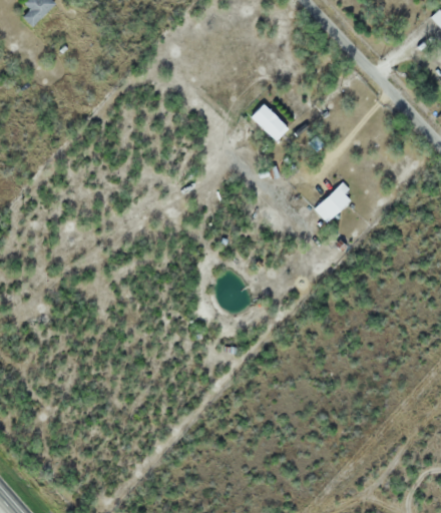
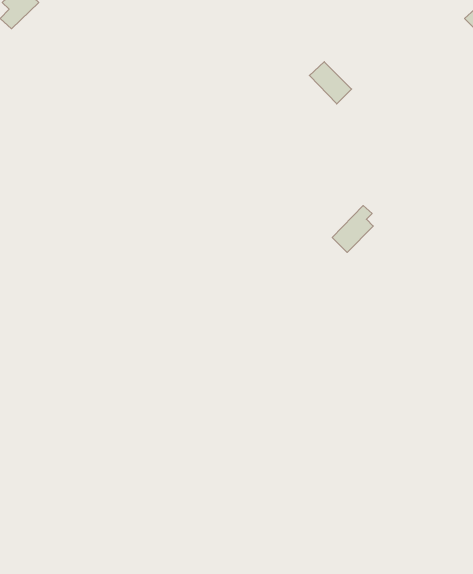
building: [251,104,288,141] -> [309,62,352,104]

